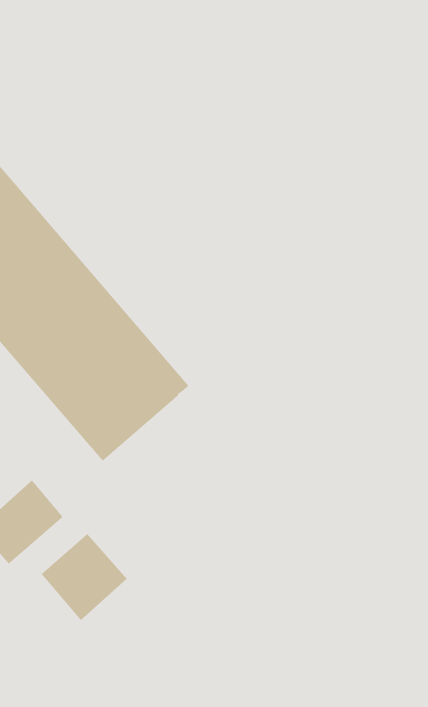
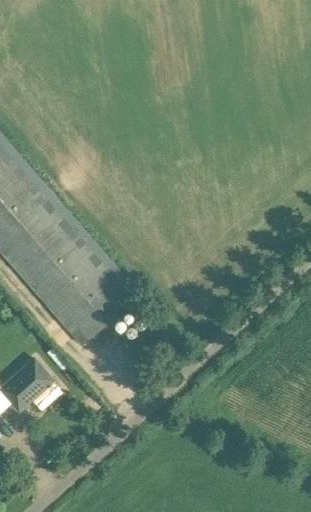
building: [41,533,127,621] -> none

